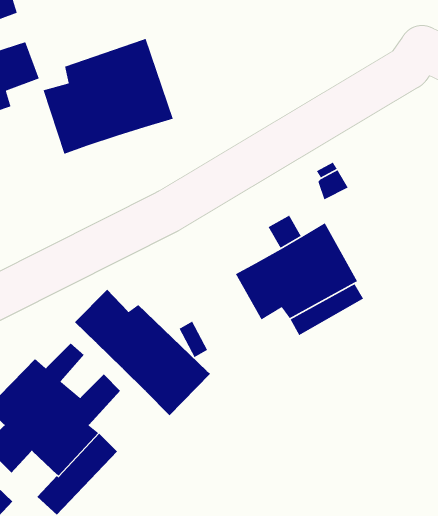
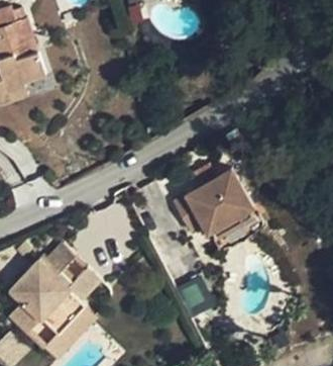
building: [42,38,174,155] -> none
building: [74,289,211,416] -> none

